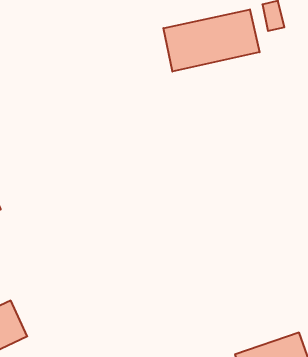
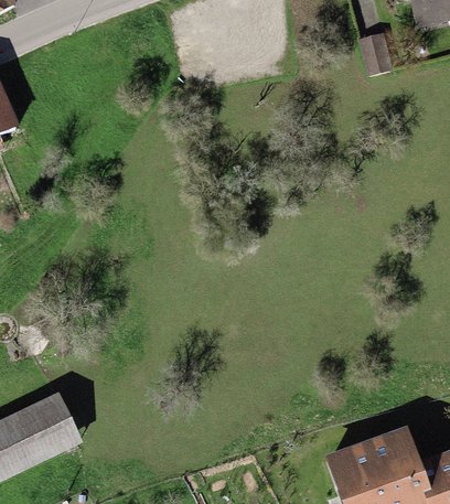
building: [163,9,260,72] -> none

